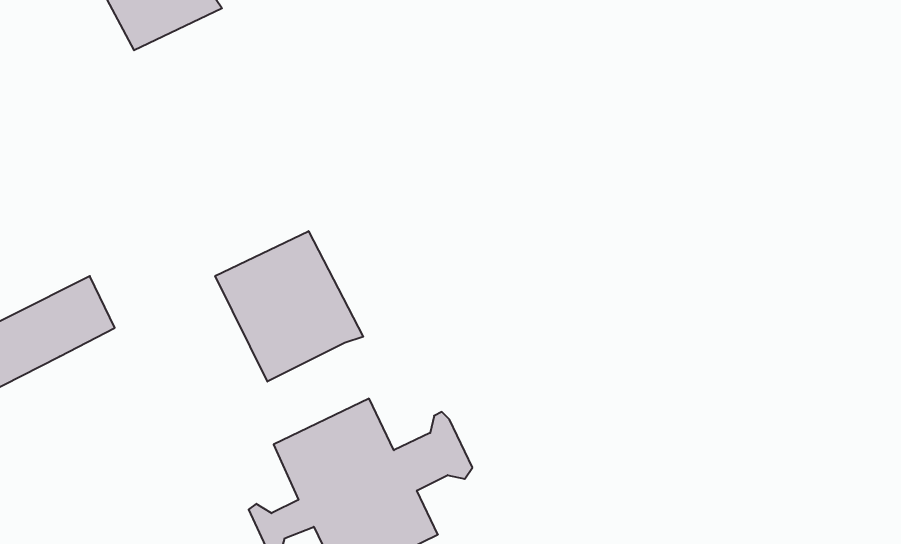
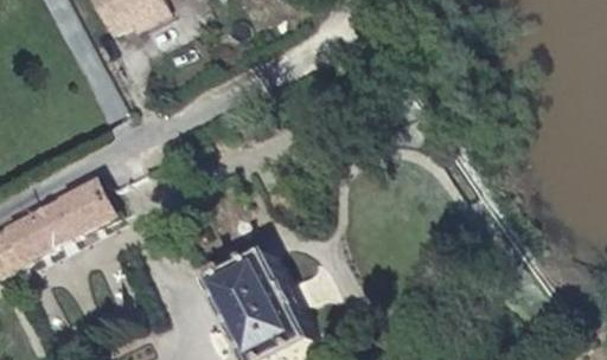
building: [215,231,363,382] -> none

